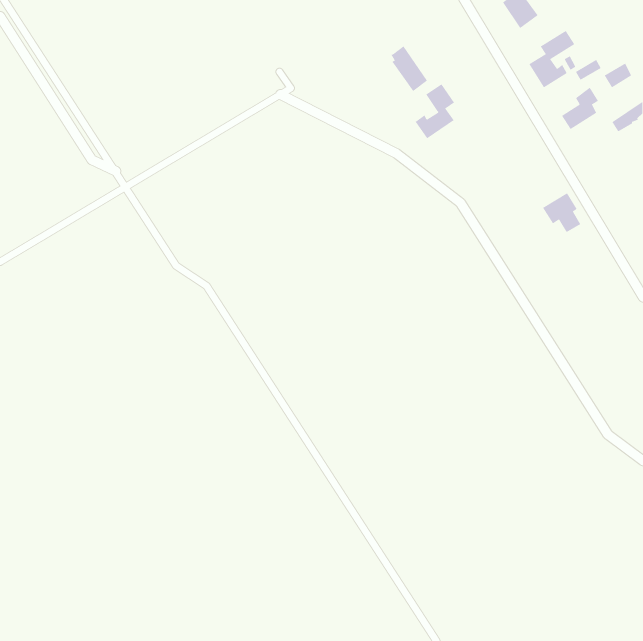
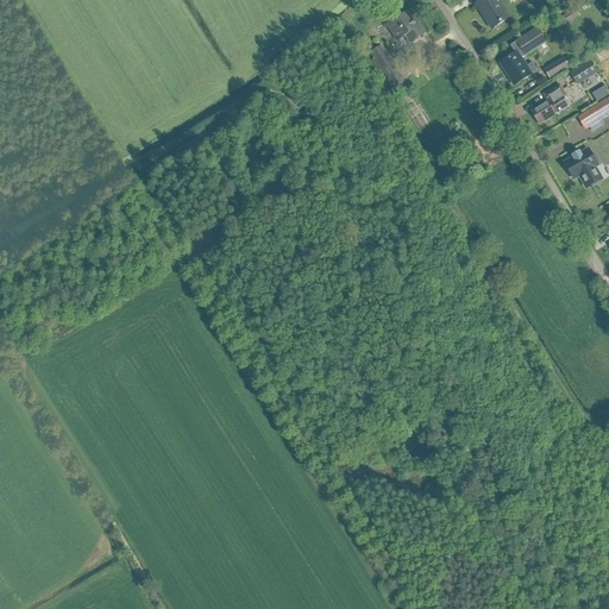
building: none -> [387,8,425,40]
building: [415,84,455,139] -> none
building: [542,193,581,233] -> [564,147,601,186]

